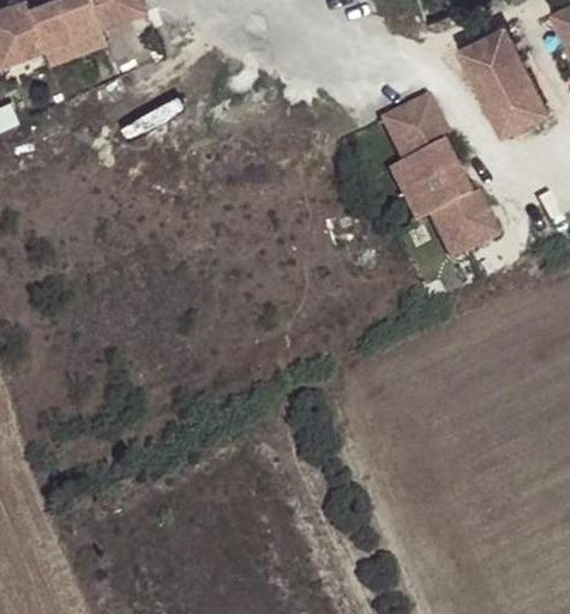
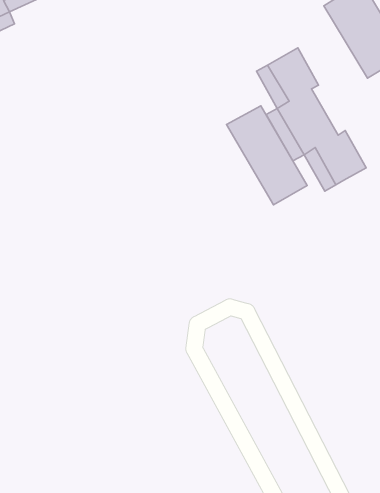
building: none -> [226,106,307,205]

